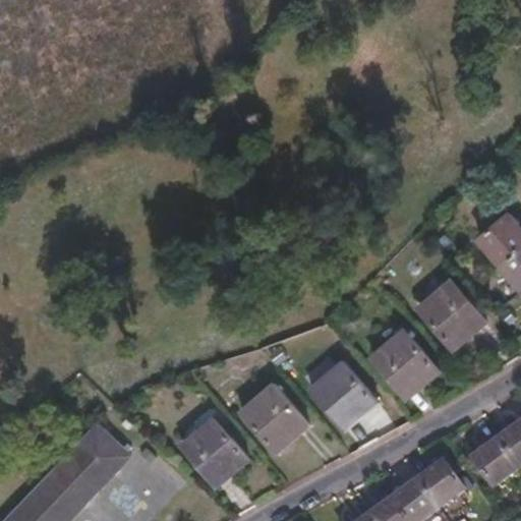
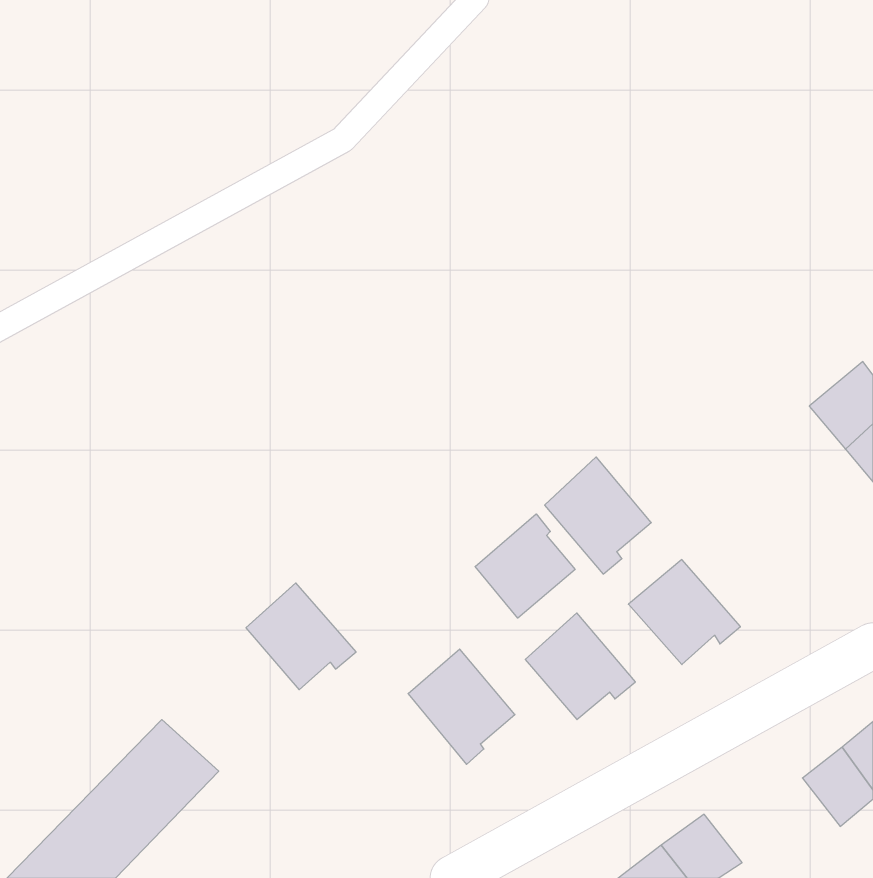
building: [419,280,482,349] -> [545,457,651,574]
building: none -> [475,514,575,618]
building: [181,419,246,482] -> [246,583,356,690]
building: [416,461,465,510] -> none

